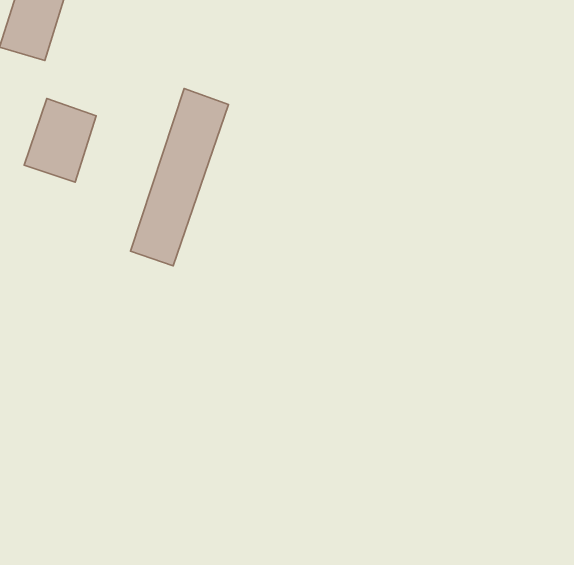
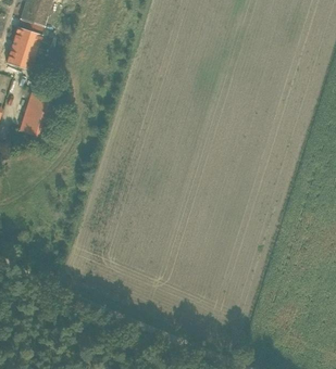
building: [130,89,228,266] -> none

